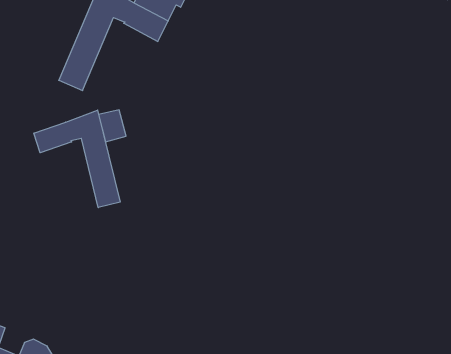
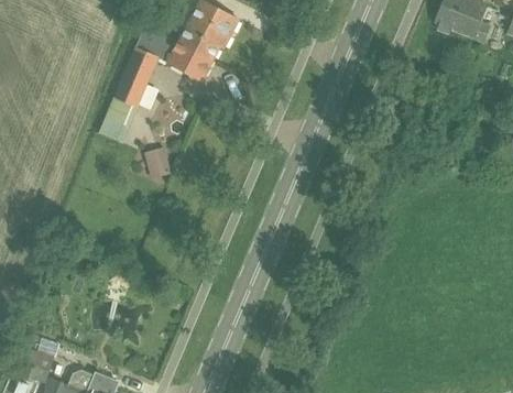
building: [34,110,120,208] -> none

